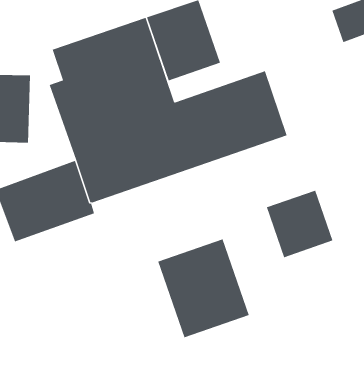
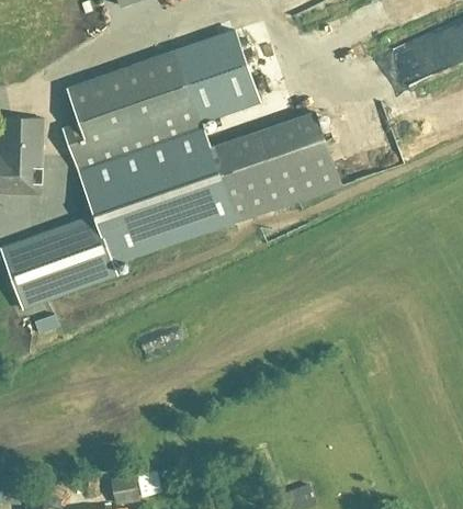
building: [266,190,333,258] -> none
building: [158,239,250,338] -> none

